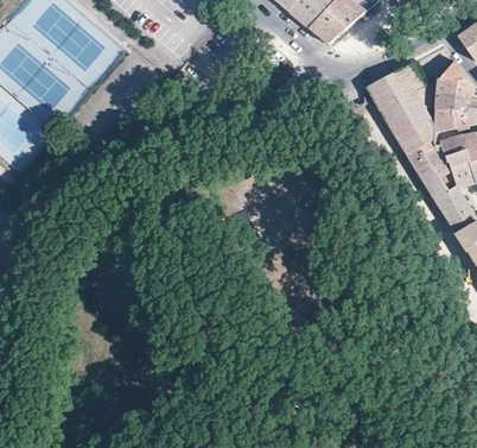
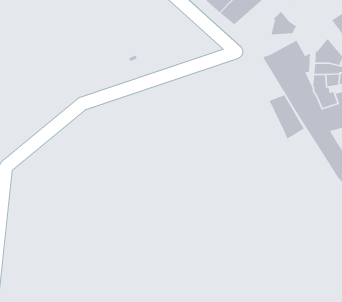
building: none -> [271,11,297,35]
building: none -> [268,94,305,140]

